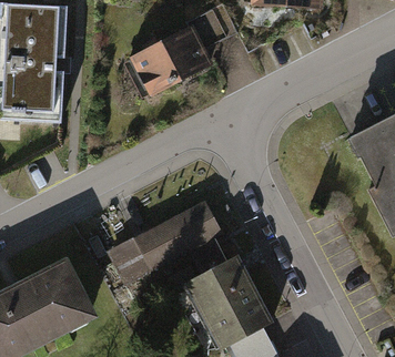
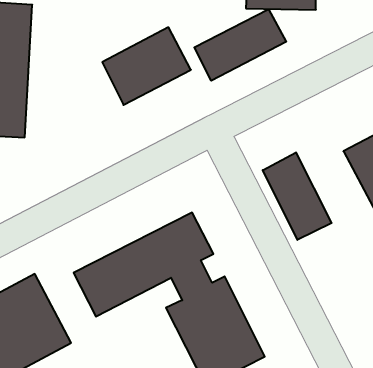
building: none -> [194,9,286,81]
building: none -> [263,152,332,240]

